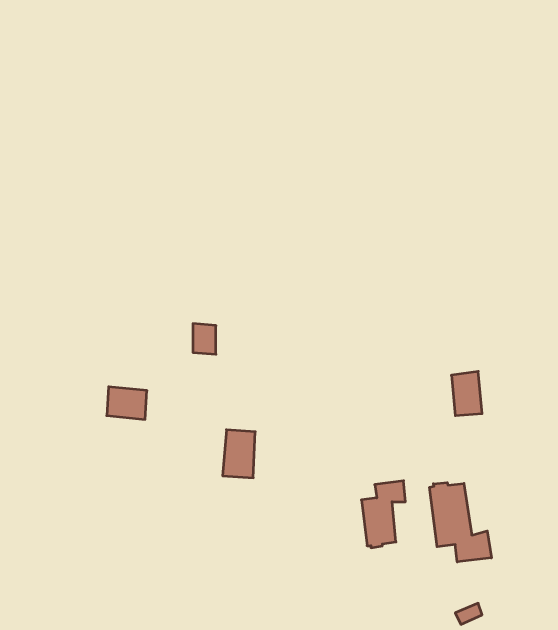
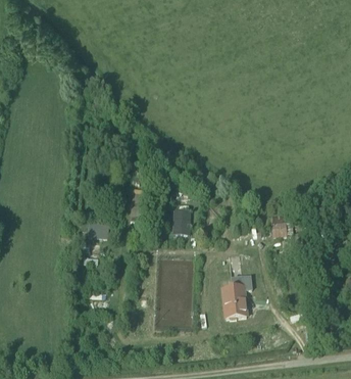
building: [223,430,255,478] -> [173,209,191,235]
building: [430,483,491,562] -> none

